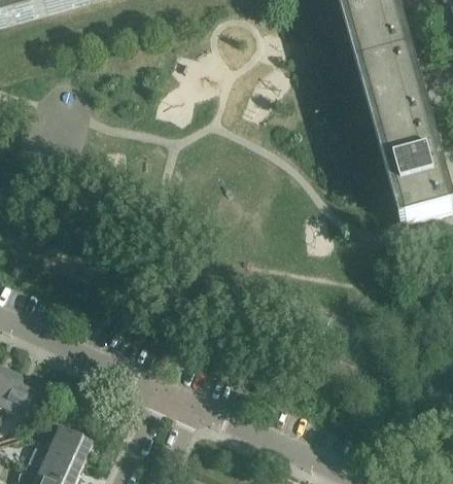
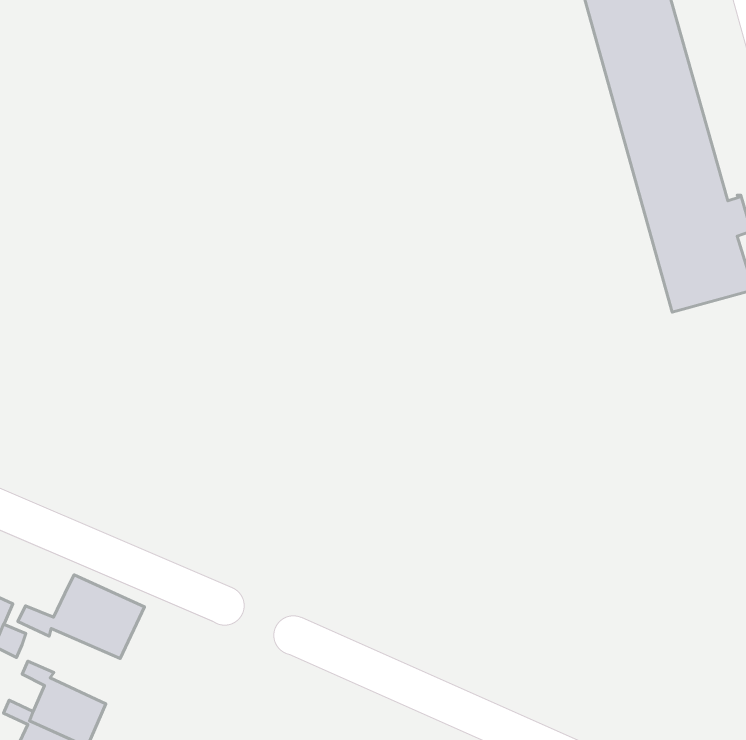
building: none -> [18,575,145,659]

